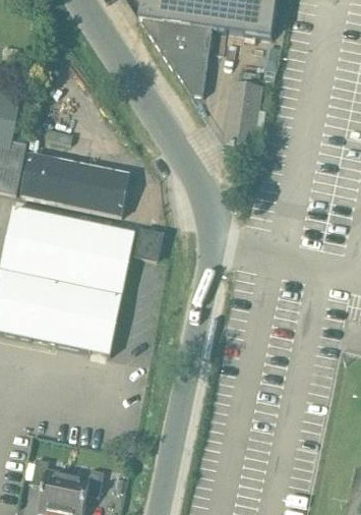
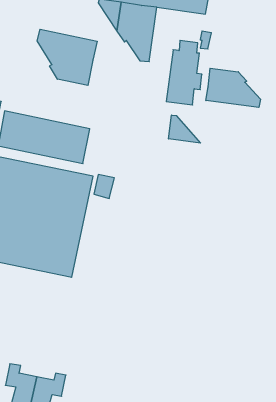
building: none -> [37,29,97,85]
building: none -> [206,68,260,107]
building: none -> [169,115,200,143]

